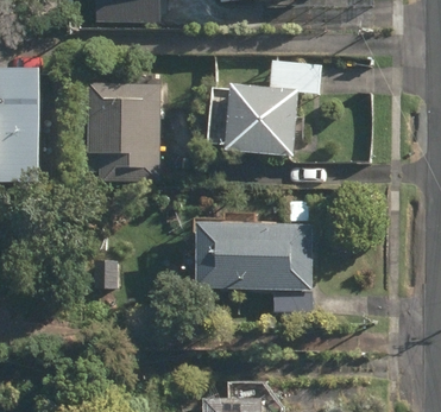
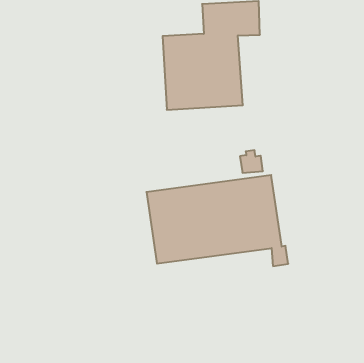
building: [88,82,160,179] -> none

